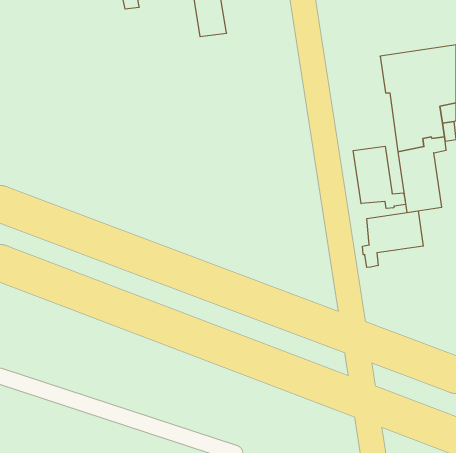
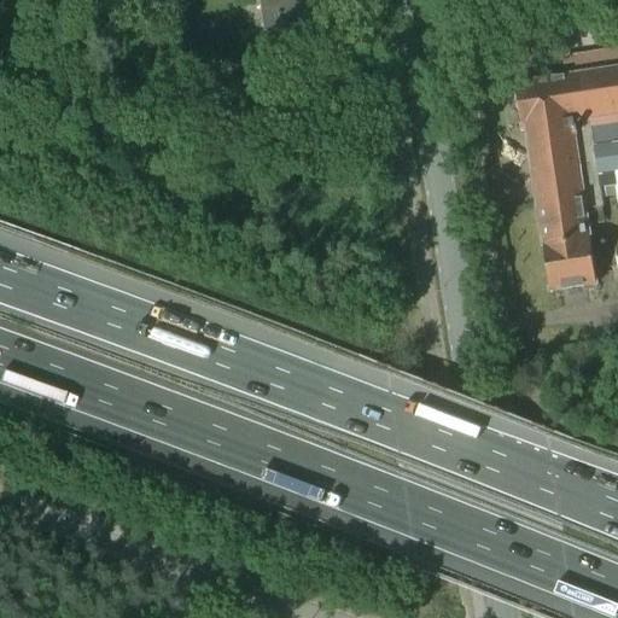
building: [353,146,405,208] -> none
building: [363,211,423,267] -> none

